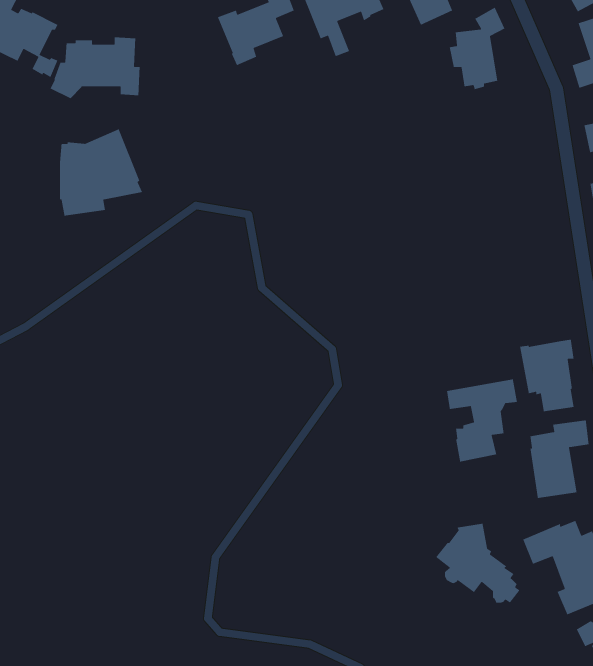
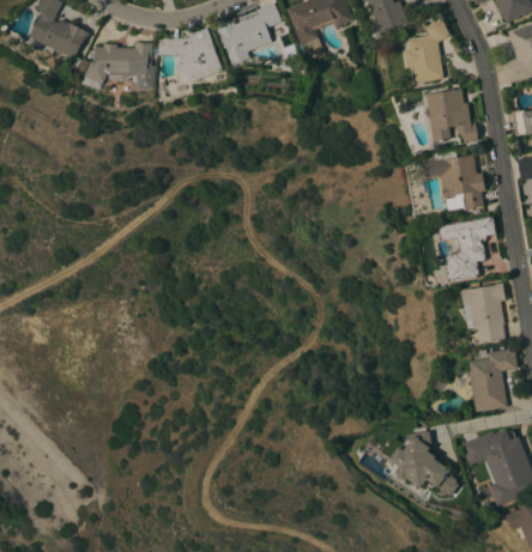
building: none -> [427,89,478,142]
building: [59,128,143,216] -> [158,28,225,98]
building: none -> [424,151,485,211]
building: [446,379,518,462] -> [439,216,496,283]

